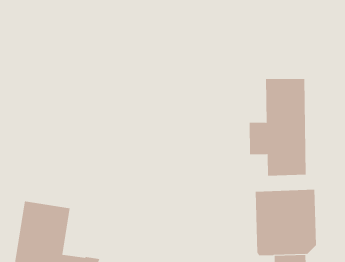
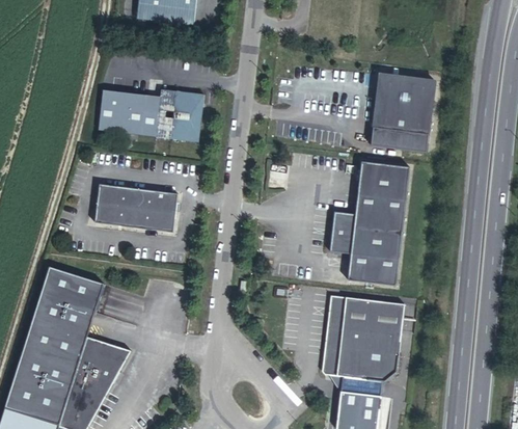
building: none -> [373,73,437,150]
building: none -> [96,90,198,142]
building: none -> [93,184,175,232]

